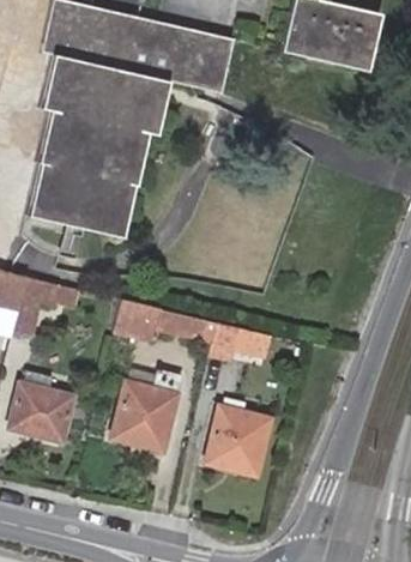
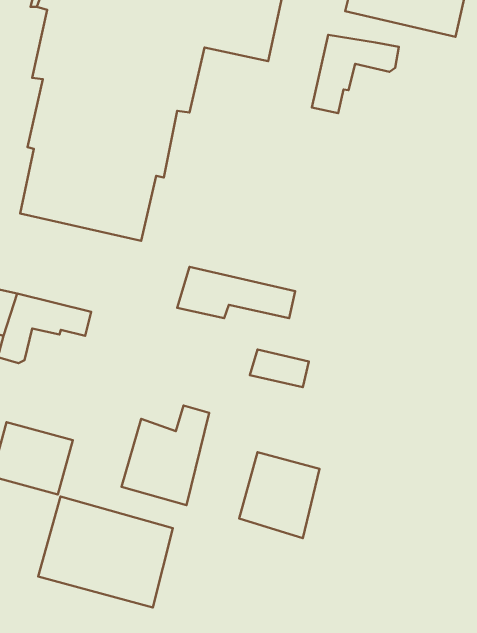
building: none -> [312,35,399,113]
building: [114,302,207,343] -> [177,267,295,318]
building: none -> [38,497,173,607]

